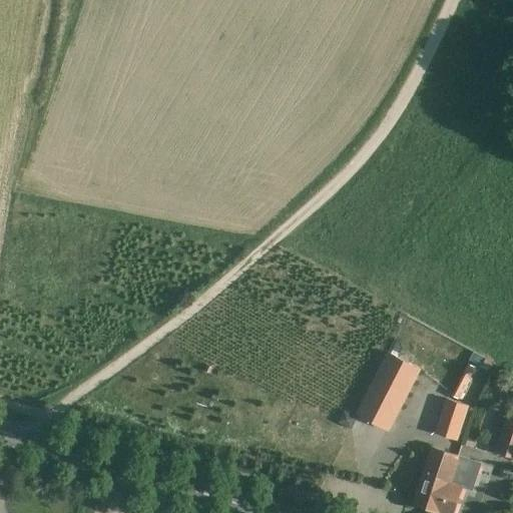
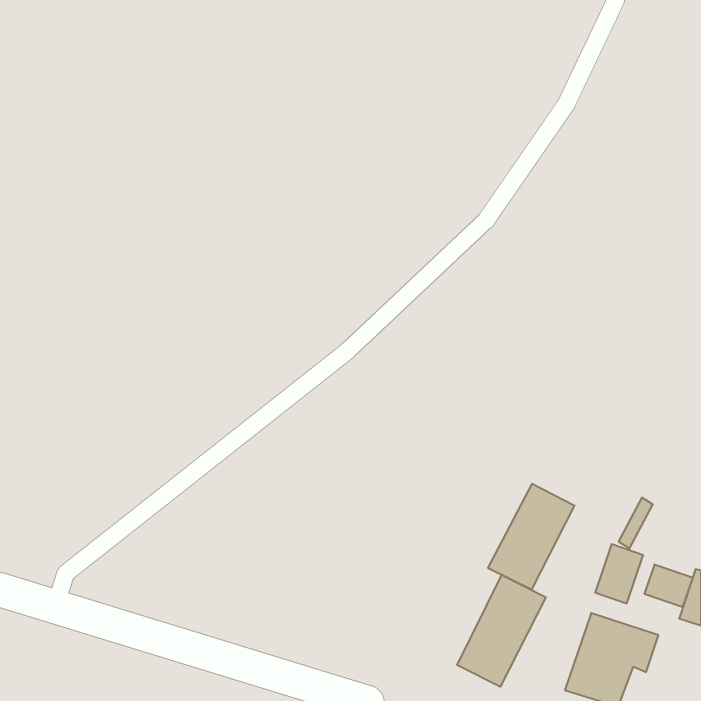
building: none -> [645,564,693,607]
building: none -> [457,575,546,687]

